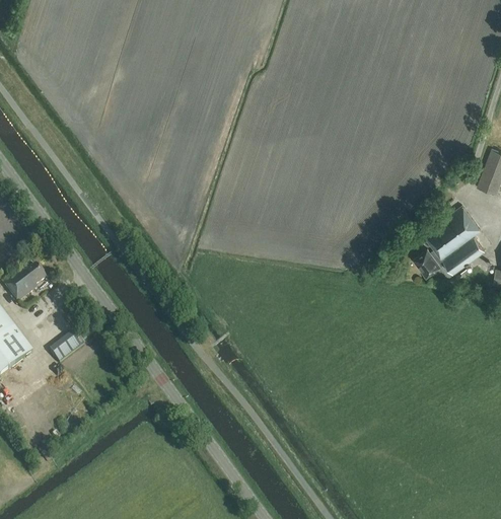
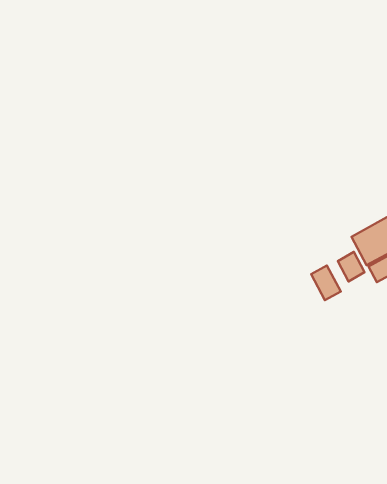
building: none -> [311,265,341,300]

